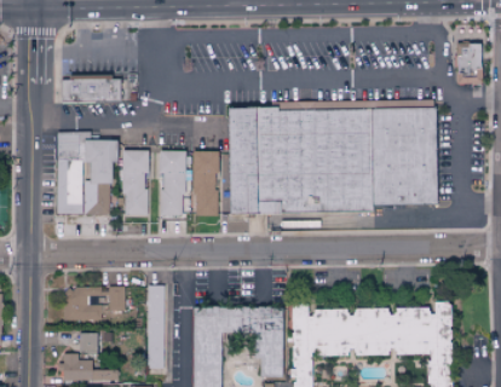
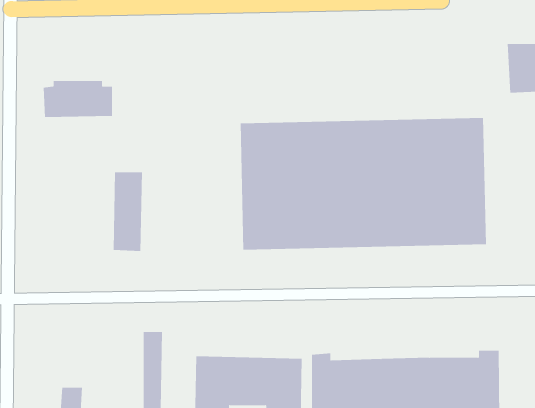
building: [57,131,116,215] -> none
building: [159,150,185,215] -> none
building: [192,150,218,216] -> none
building: [63,287,125,320] -> none

